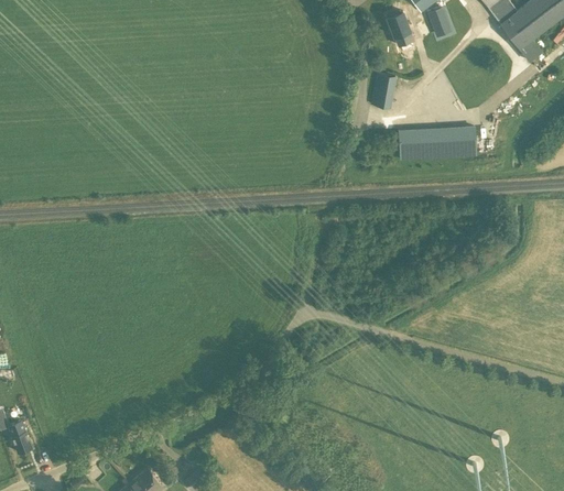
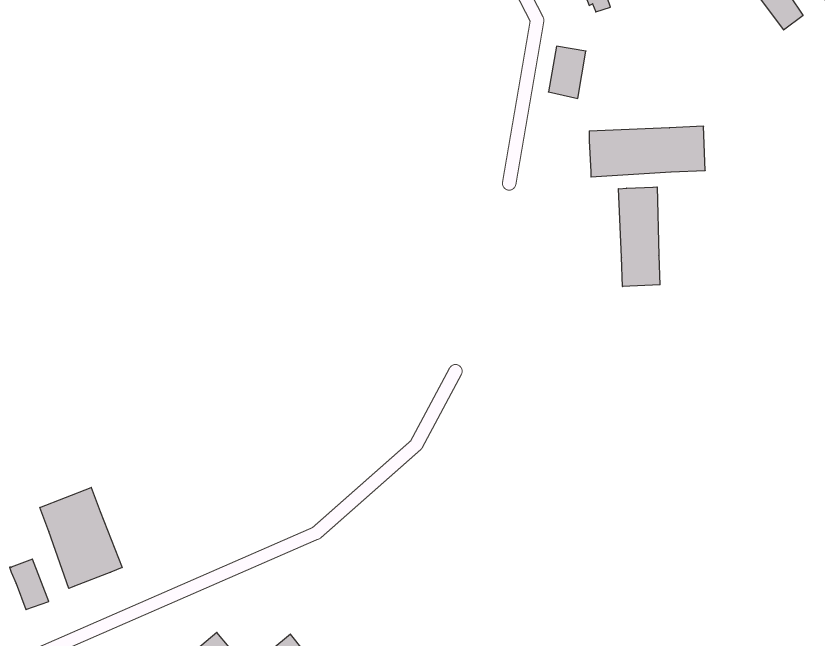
building: none -> [618,187,660,287]
building: none -> [40,487,122,588]

